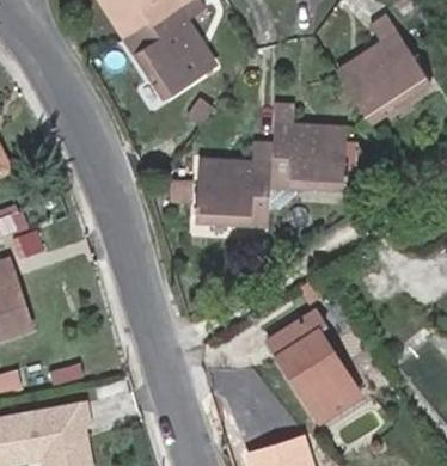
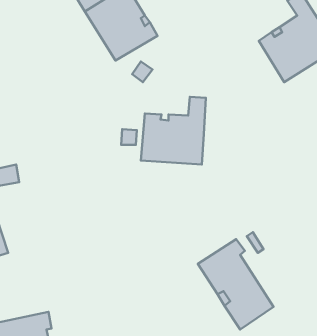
building: [270,100,348,188] -> none

